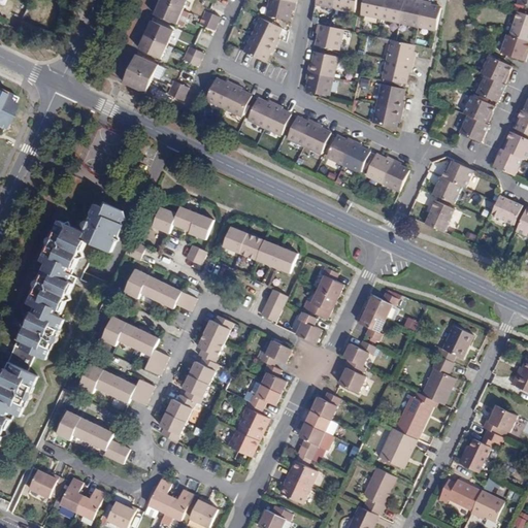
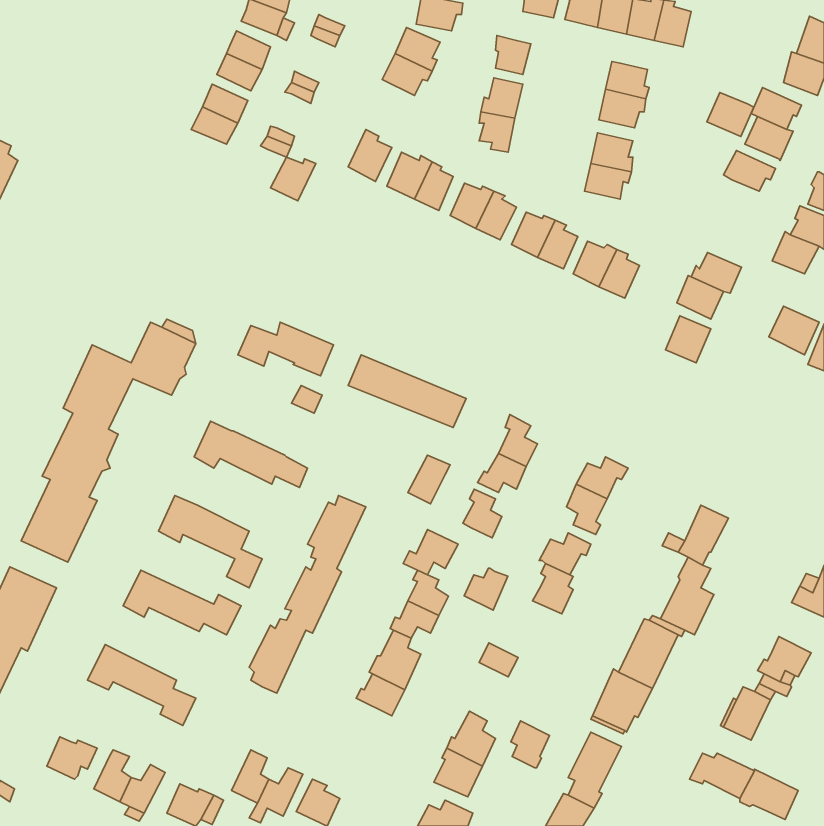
building: [204,78,233,106] -> [270,157,316,201]
building: [458,114,488,142] -> [707,93,754,136]
building: [311,392,339,419] -> [464,568,508,610]
building: [299,422,324,452] -> [511,721,550,768]

